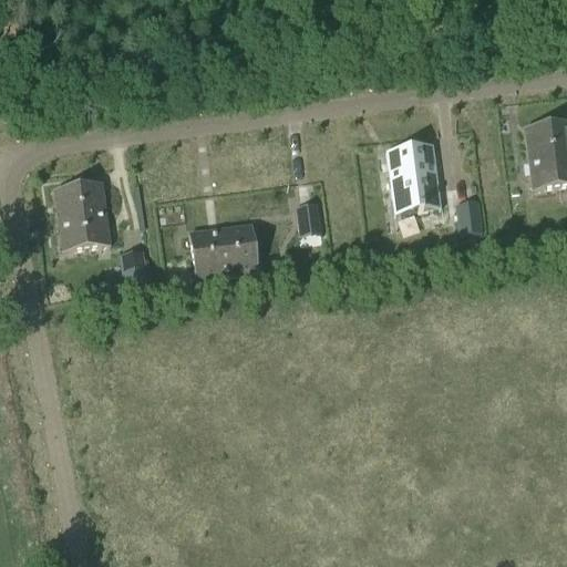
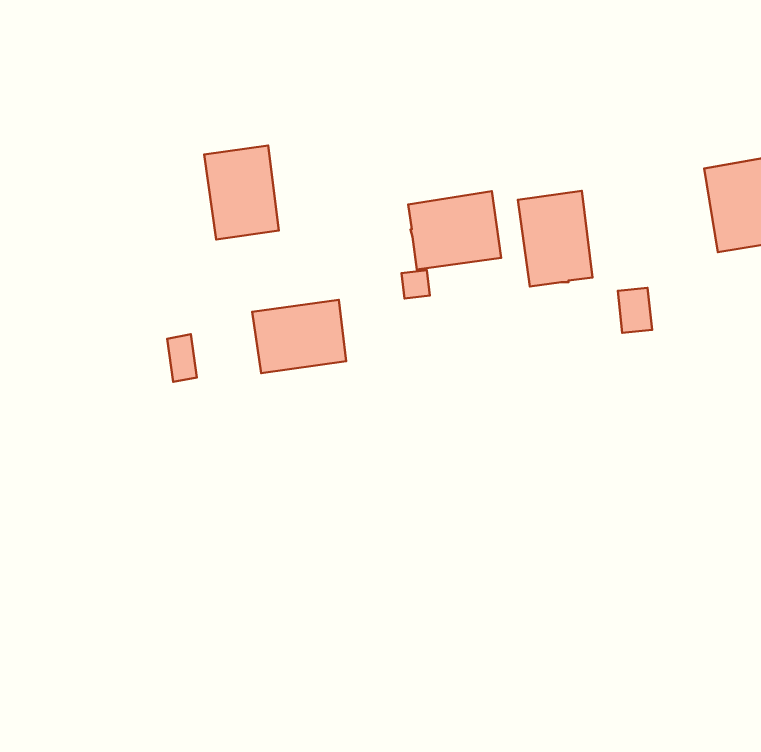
building: none -> [408,191,501,269]
building: [54,181,110,250] -> [204,145,279,239]

